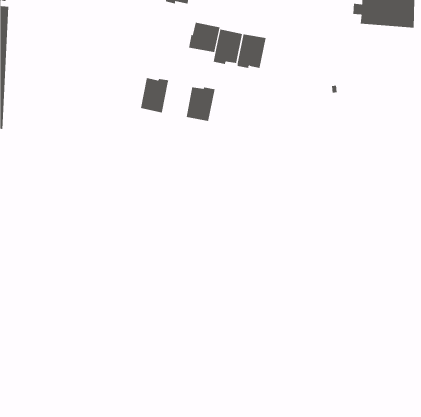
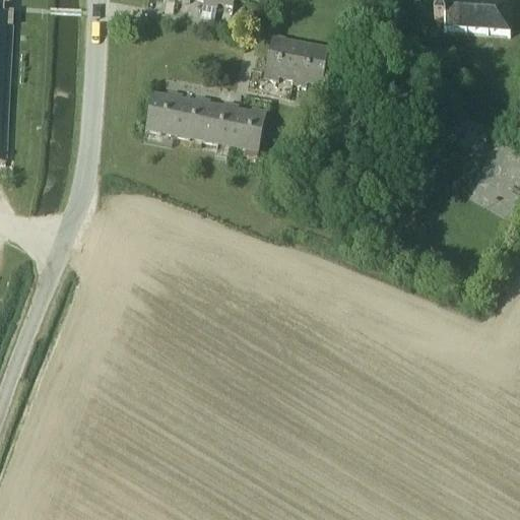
building: [189,22,220,53] -> none
building: none -> [144,90,180,133]
building: none -> [200,102,237,144]

